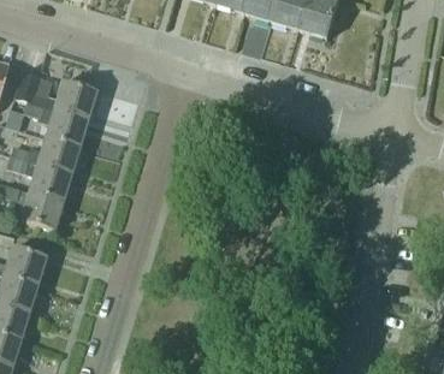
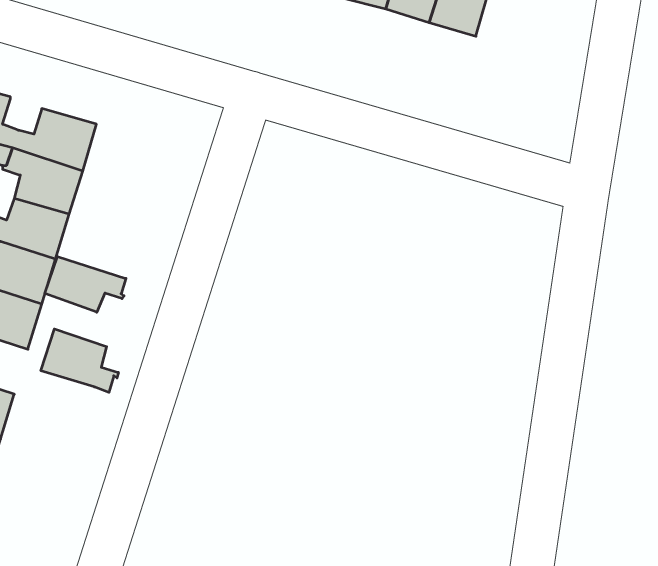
building: none -> [45,256,126,312]
building: none -> [41,329,118,392]

